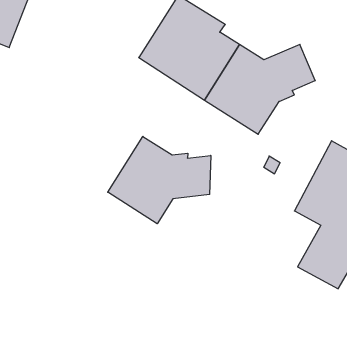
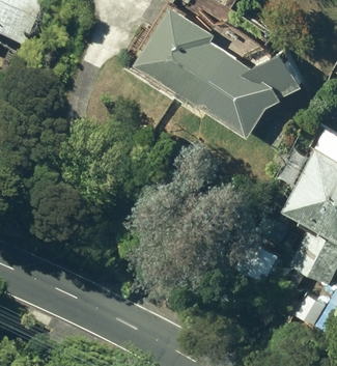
building: [108,136,211,224] -> none

